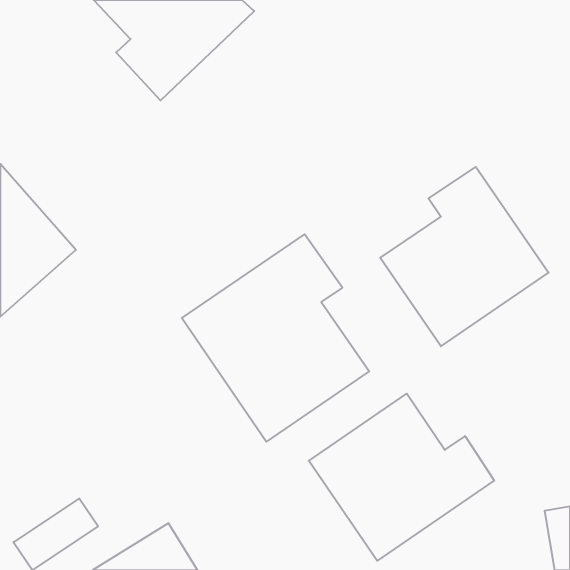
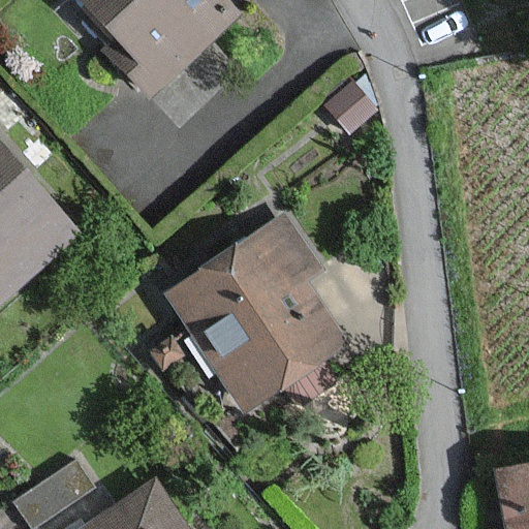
building: [380,167,549,346] -> none
building: [309,394,494,561] -> none

